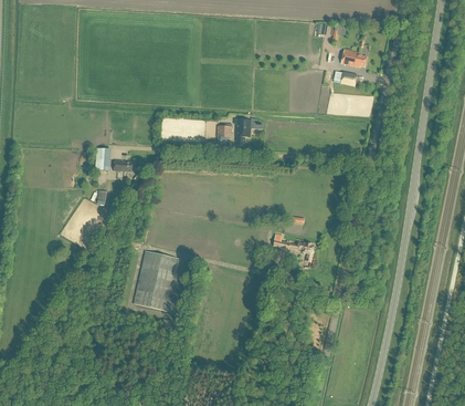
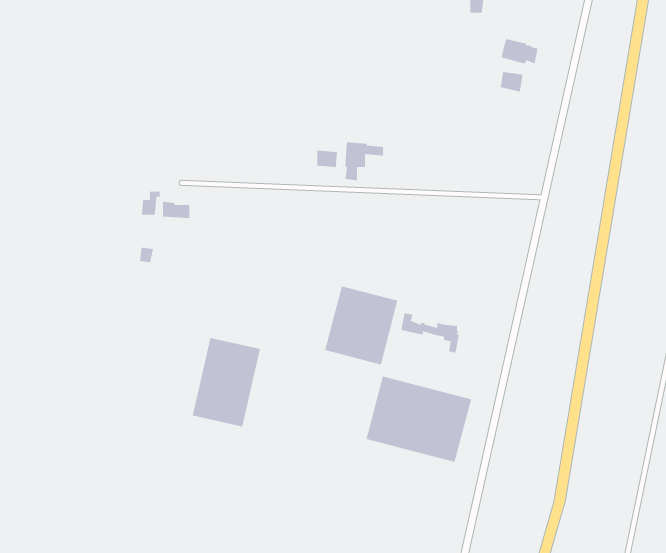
building: none -> [324,285,398,365]
building: none -> [366,376,472,463]

